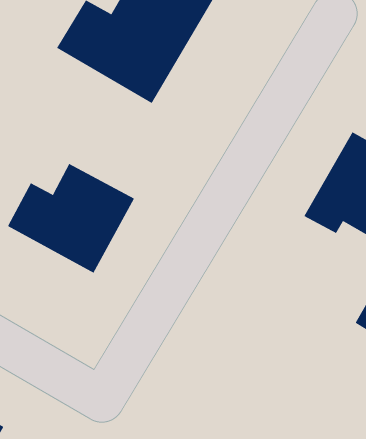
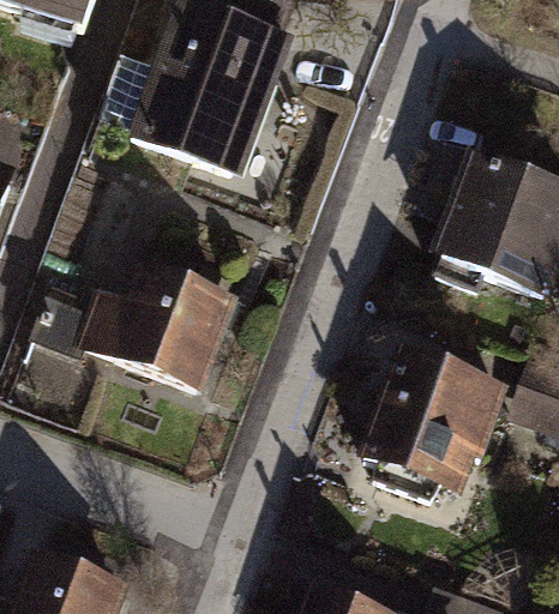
building: none -> [363,357,498,496]

